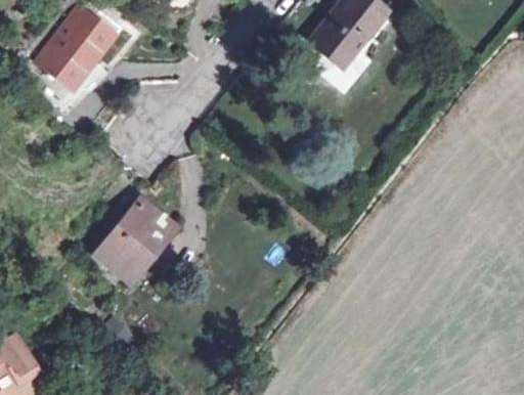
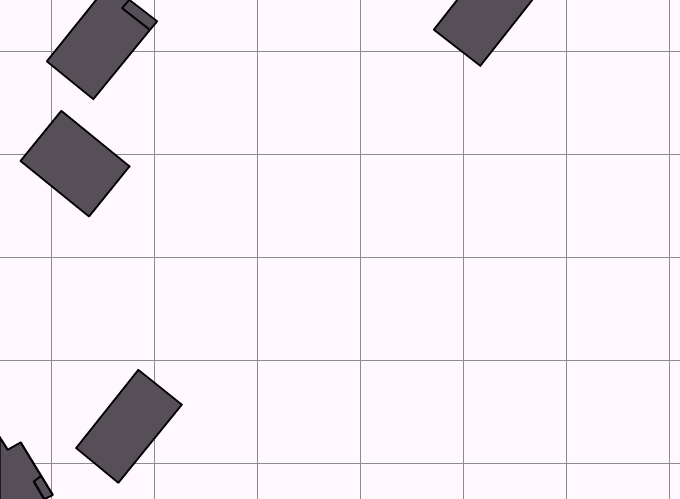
building: none -> [21,111,130,216]
building: [97,201,172,280] -> [76,370,182,483]

